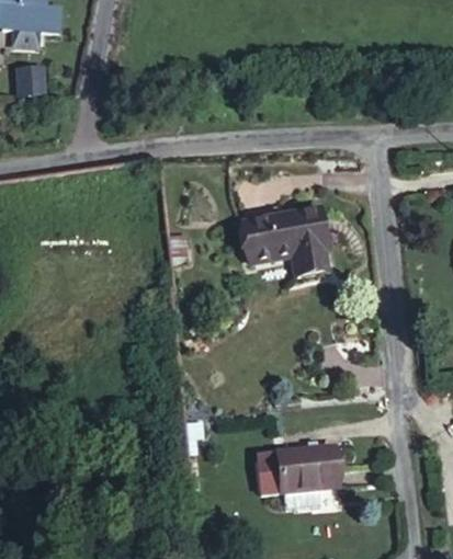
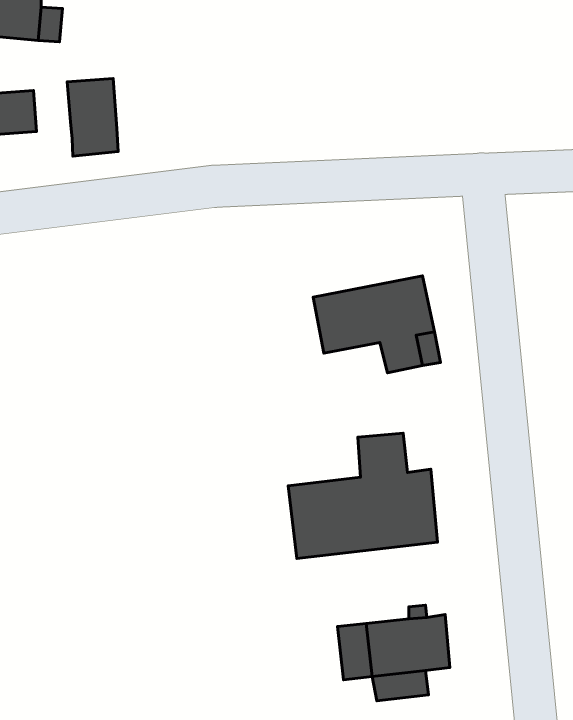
building: none -> [67,78,118,156]
building: none -> [288,433,438,558]

